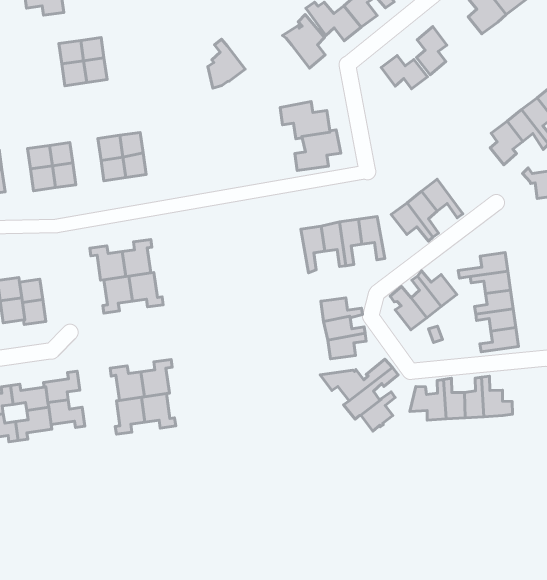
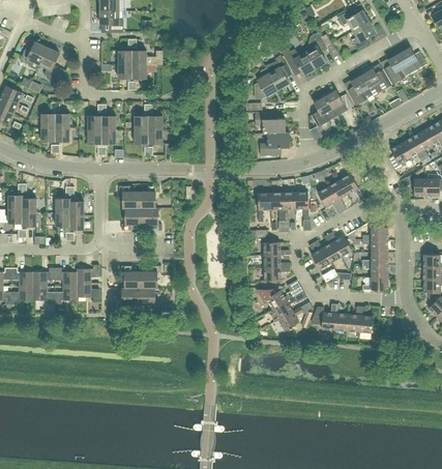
building: none -> [361,68,390,97]
building: [208,39,245,88] -> [254,68,277,99]
building: none -> [312,96,335,127]

